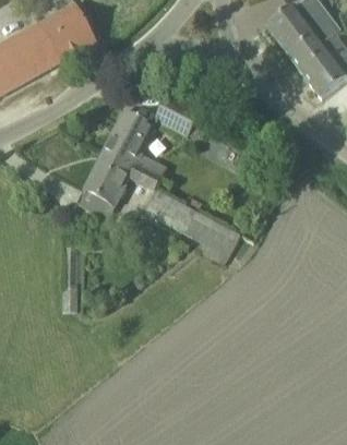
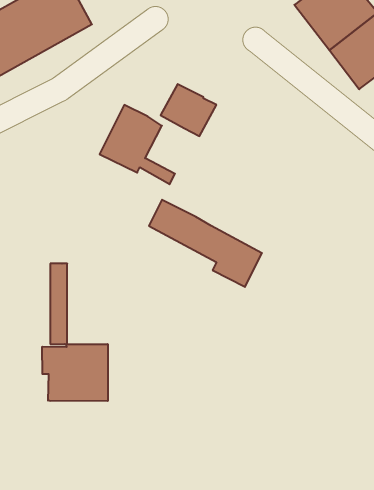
building: [79,152,163,217] -> none
building: none -> [42,344,108,401]

